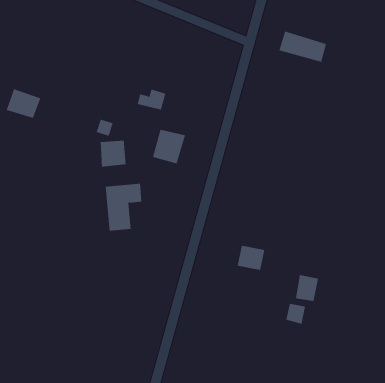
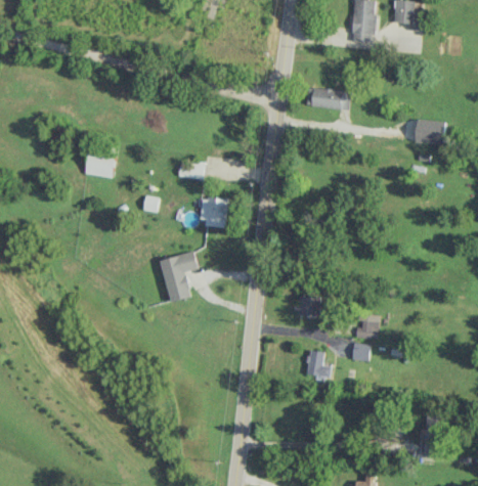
building: [6,89,41,119] -> [85,152,117,178]
building: [100,140,126,167] -> none
building: none -> [306,351,331,378]

